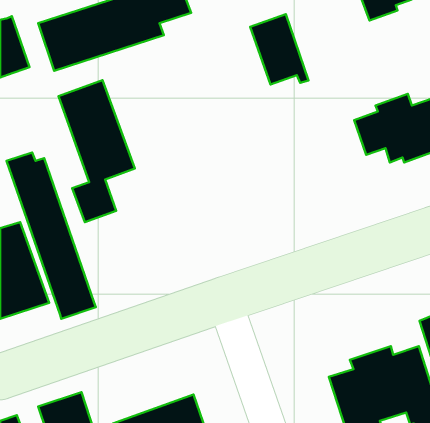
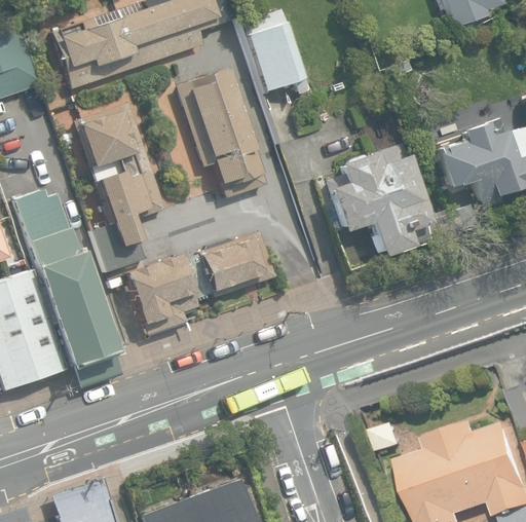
building: [250,14,309,85] -> [238,9,309,95]
building: none -> [176,68,267,199]
building: none -> [327,143,429,257]
building: none -> [123,232,273,338]

